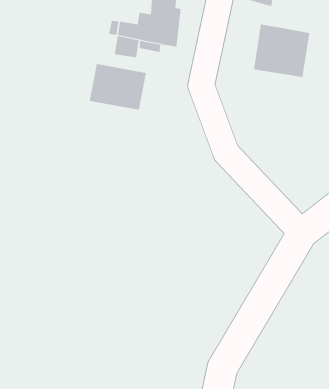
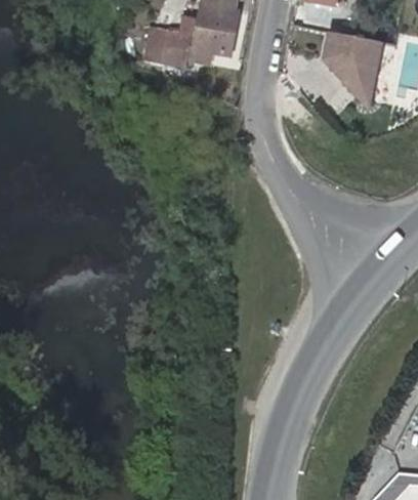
building: [89,63,146,110] -> none

